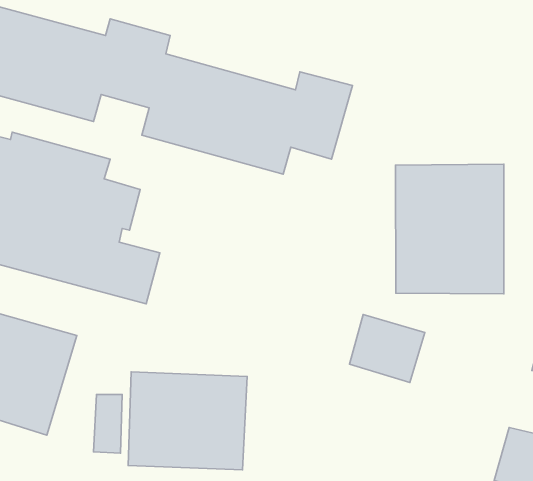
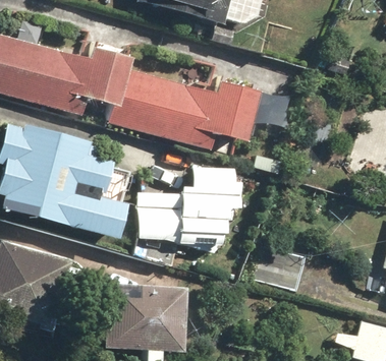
building: [396,164,504,294] -> none
building: none -> [140,167,240,245]

